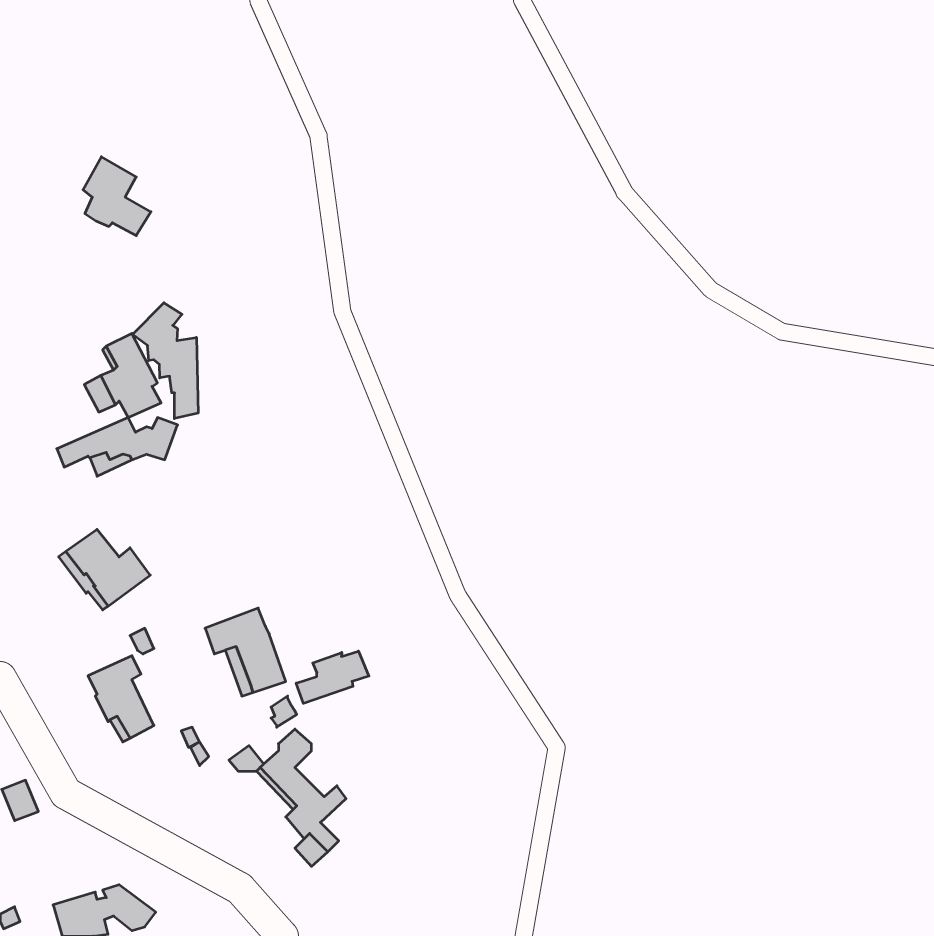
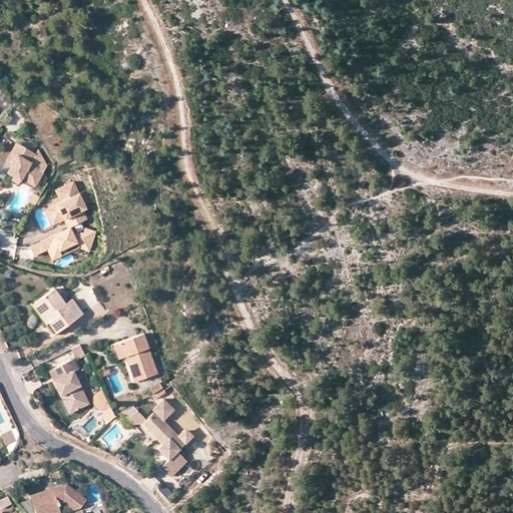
building: [83,157,151,236] -> [7,143,44,186]
building: [132,303,198,419] -> none
building: [296,651,369,703] -> none

